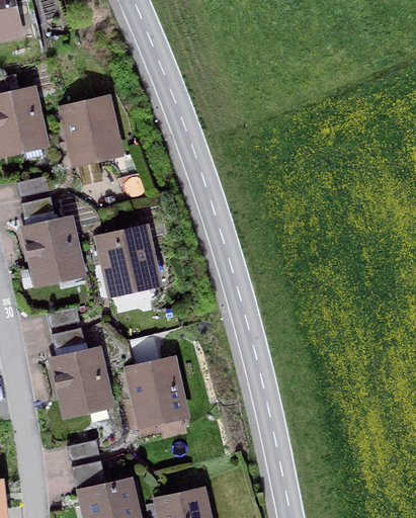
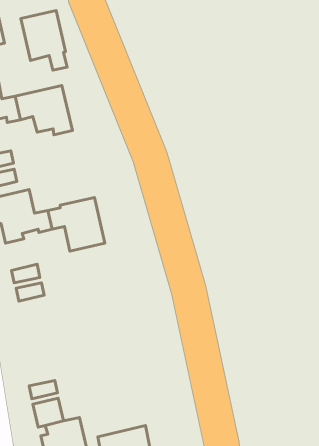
building: none -> [21,10,67,70]
building: [57,352,107,413] -> none
building: [133,361,184,422] -> none

